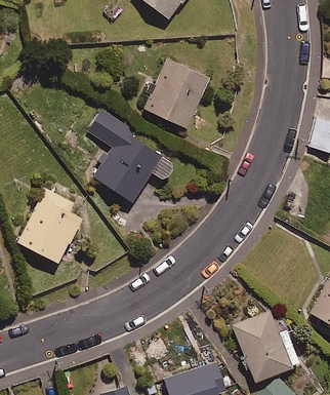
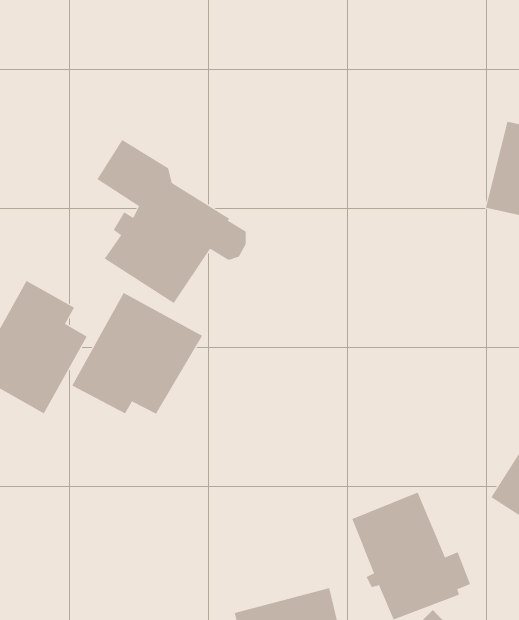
building: [143,58,209,128] -> none
building: none -> [71,292,203,415]

